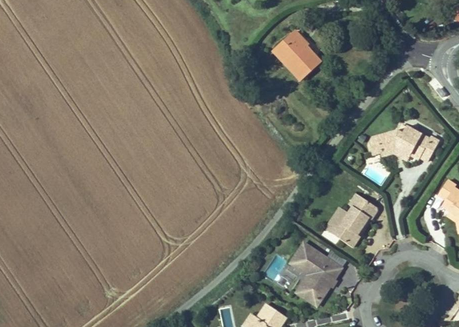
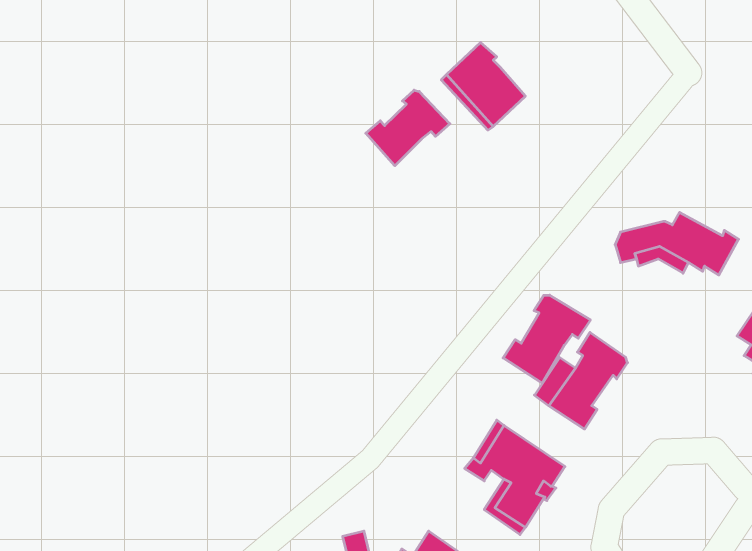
building: none -> [366,90,450,166]
building: none -> [503,295,590,383]

